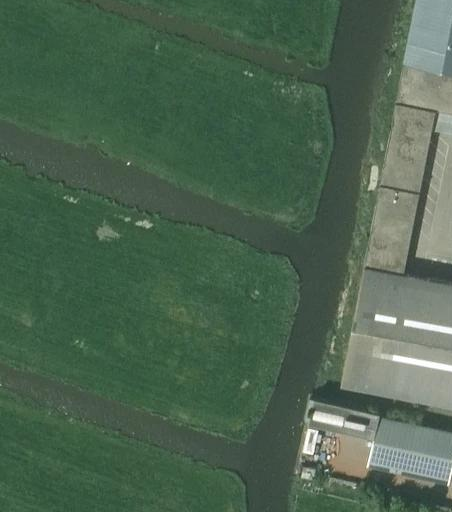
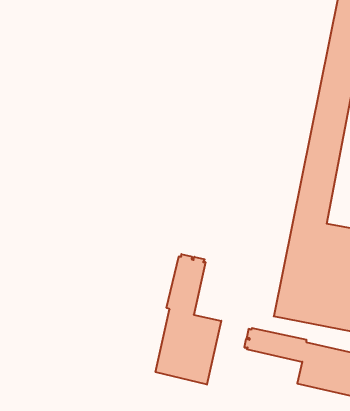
building: none -> [156,254,221,385]

